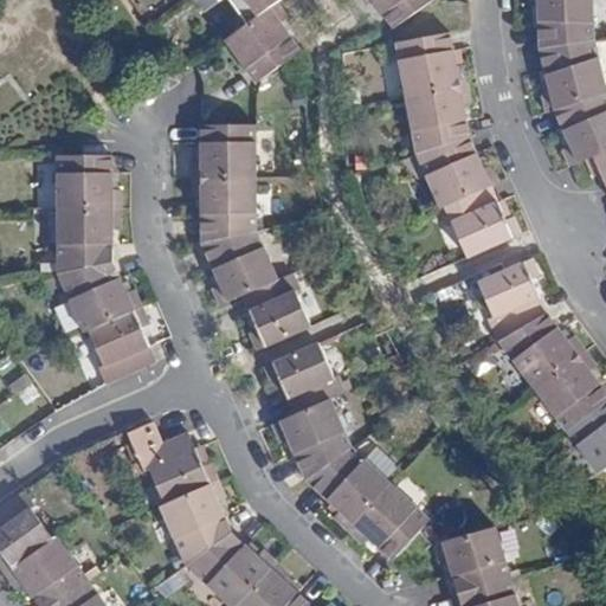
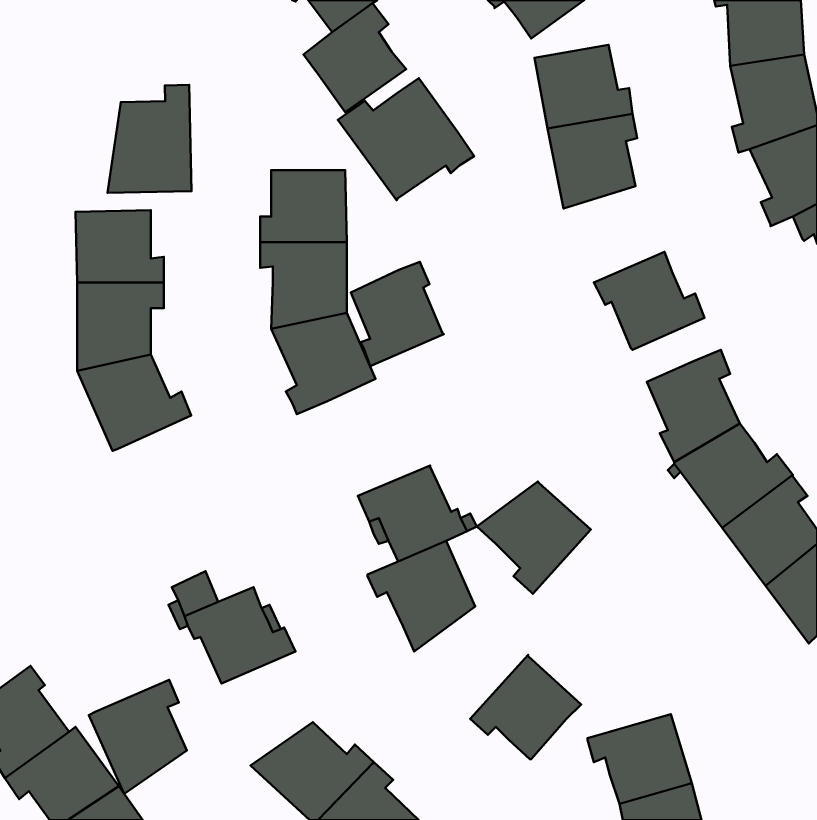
building: none -> [338,78,474,200]
building: none -> [108,85,192,193]
building: [415,137,497,208] -> none
building: [241,273,310,350] -> [351,262,444,366]
building: [86,307,156,383] -> none
building: [305,447,389,530] -> [477,481,591,594]
building: [159,481,231,565] -> [89,680,187,794]

